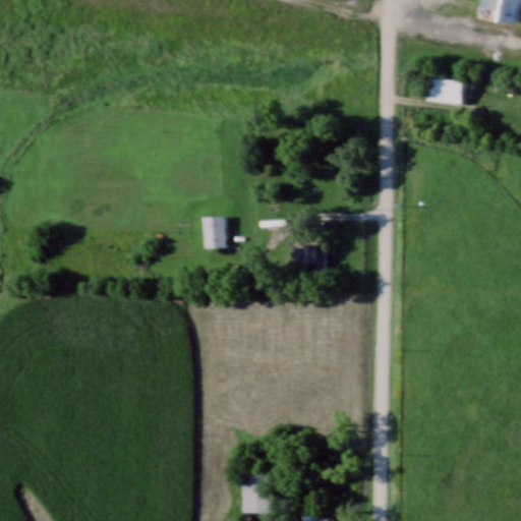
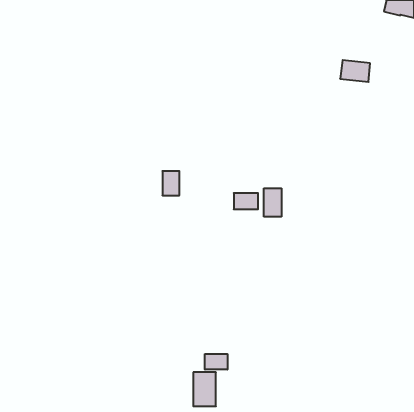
building: none -> [264,188,281,217]
building: none -> [205,354,227,370]

